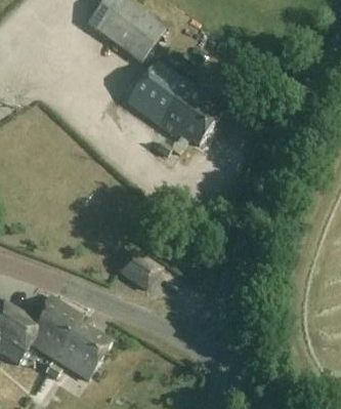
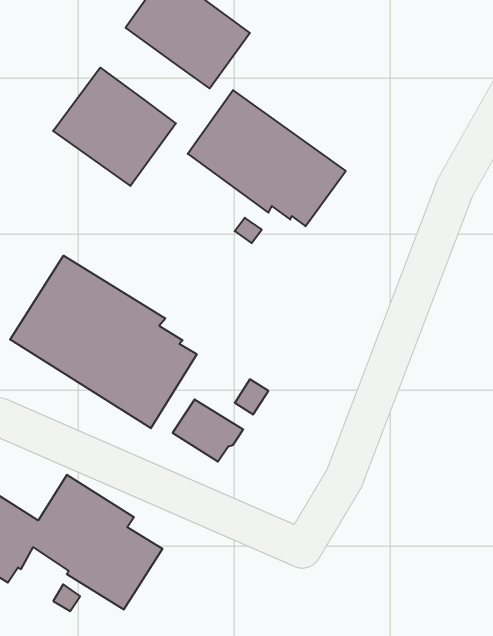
building: none -> [53,68,176,186]
building: none -> [10,256,197,428]

